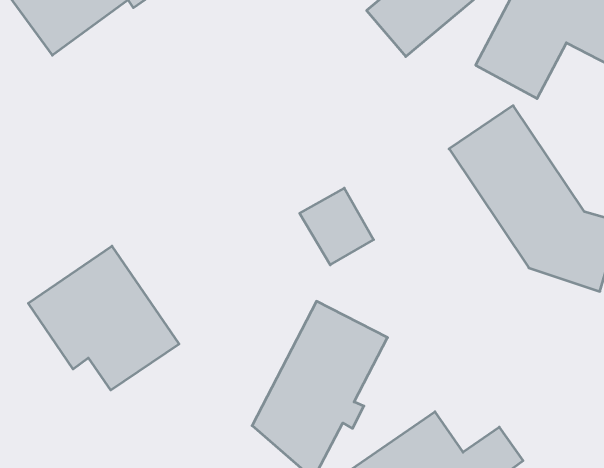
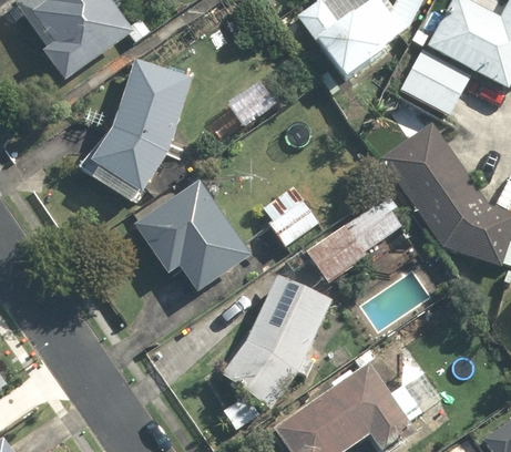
building: none -> [86,62,190,198]
building: none -> [308,195,407,280]
building: [28,246,179,390] -> [132,178,252,292]

